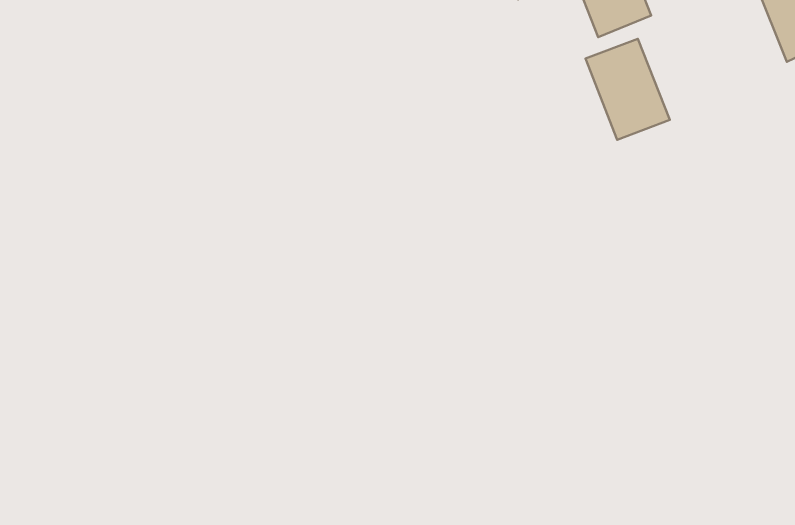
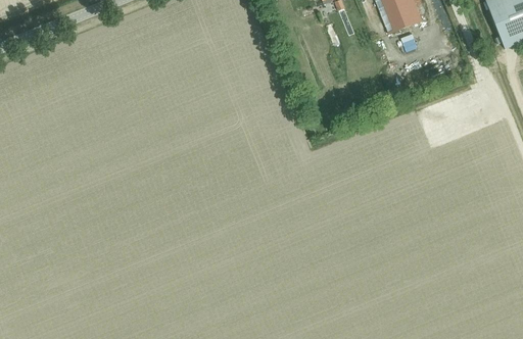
building: [585,39,670,140] -> none

